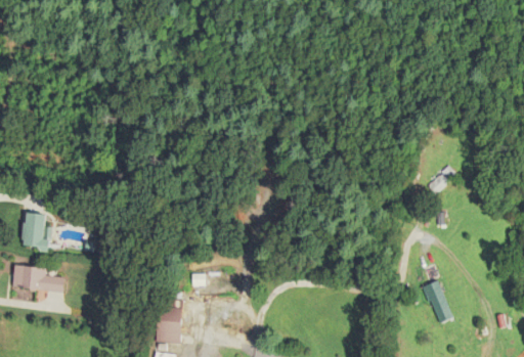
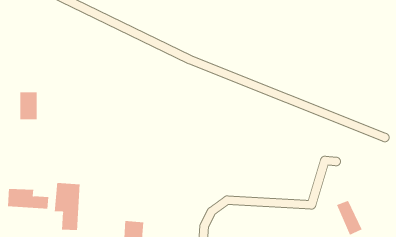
building: [24,214,46,249] -> [19,92,37,120]
building: none -> [54,182,80,231]

